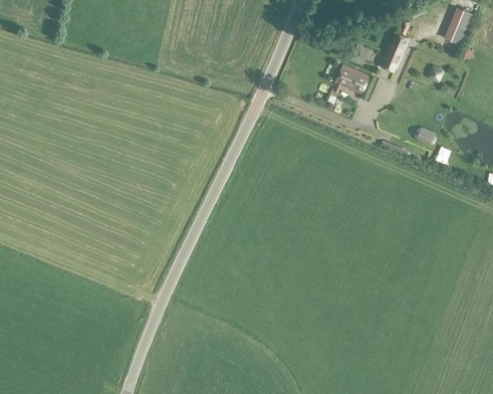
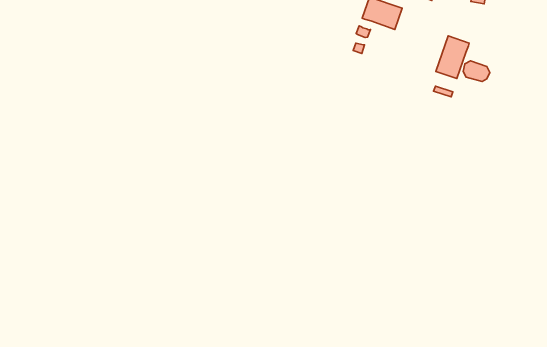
building: none -> [436,36,469,79]

